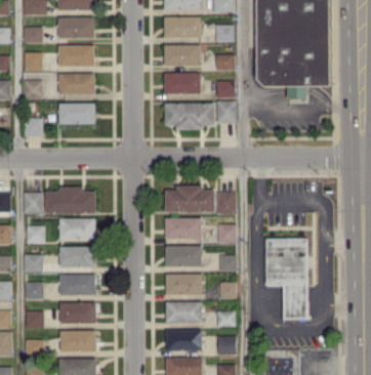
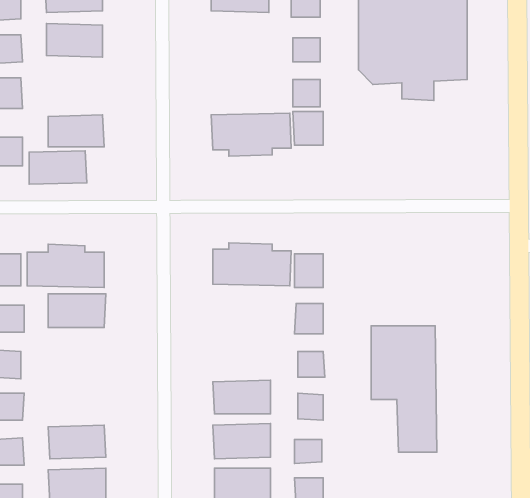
building: [164,45,200,67] -> none
building: [58,73,95,94] -> [29,151,87,184]
building: [164,73,200,94] -> none
building: [165,217,202,239] -> none
building: [59,246,96,267] -> none
building: [165,246,201,267] -> none
building: [59,275,96,295] -> none

